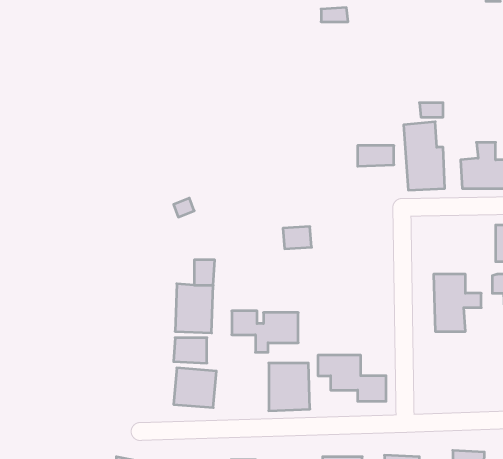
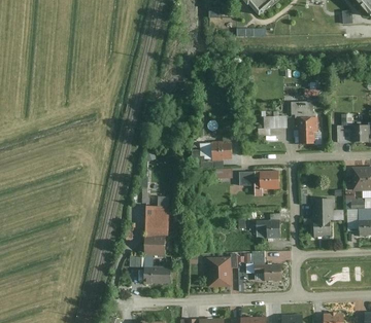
building: none -> [199,140,232,160]
building: none -> [256,219,280,238]
building: [232,311,298,352] -> [238,170,281,196]

